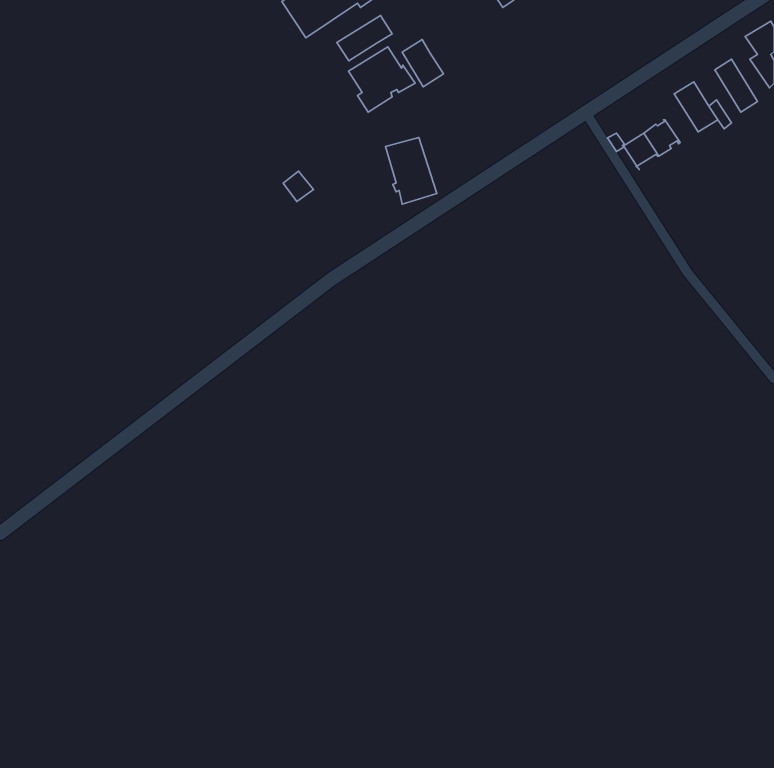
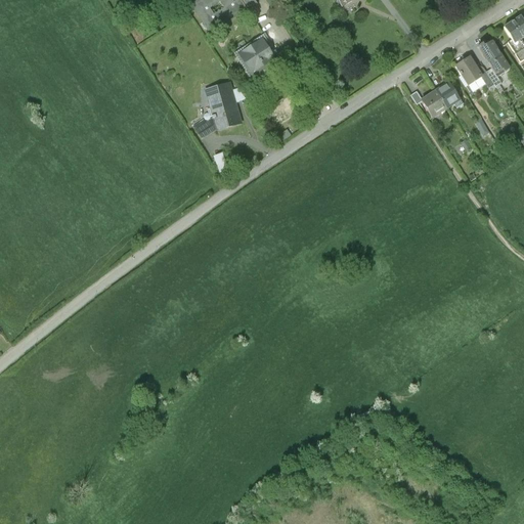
building: [337,16,392,61] -> none
building: [402,39,443,87] -> none
building: [385,137,437,204] -> [205,82,239,127]

